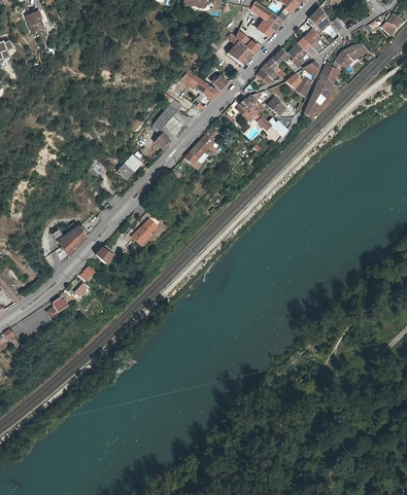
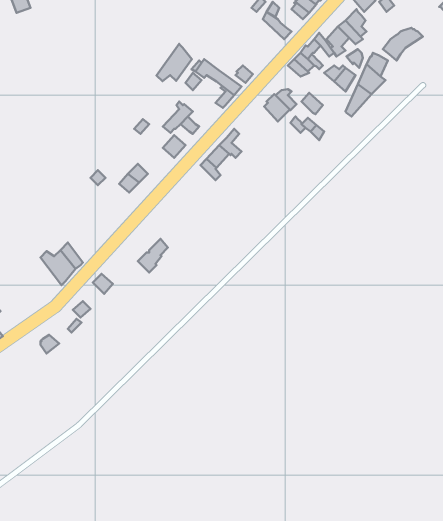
building: [228,32,253,64] -> none
building: none -> [157,44,192,81]

